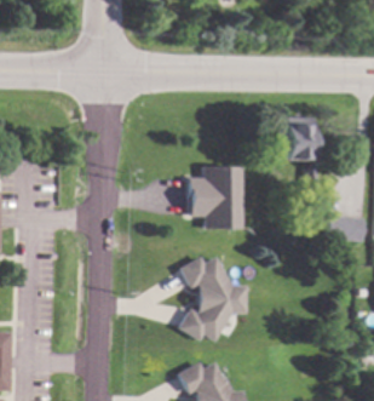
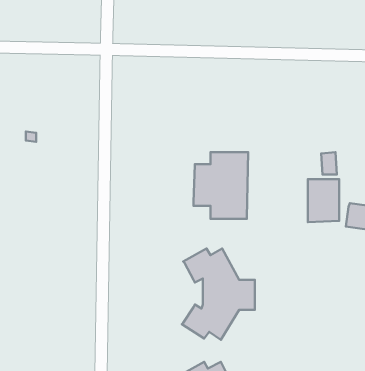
building: [288,119,317,159] -> [308,179,339,222]

